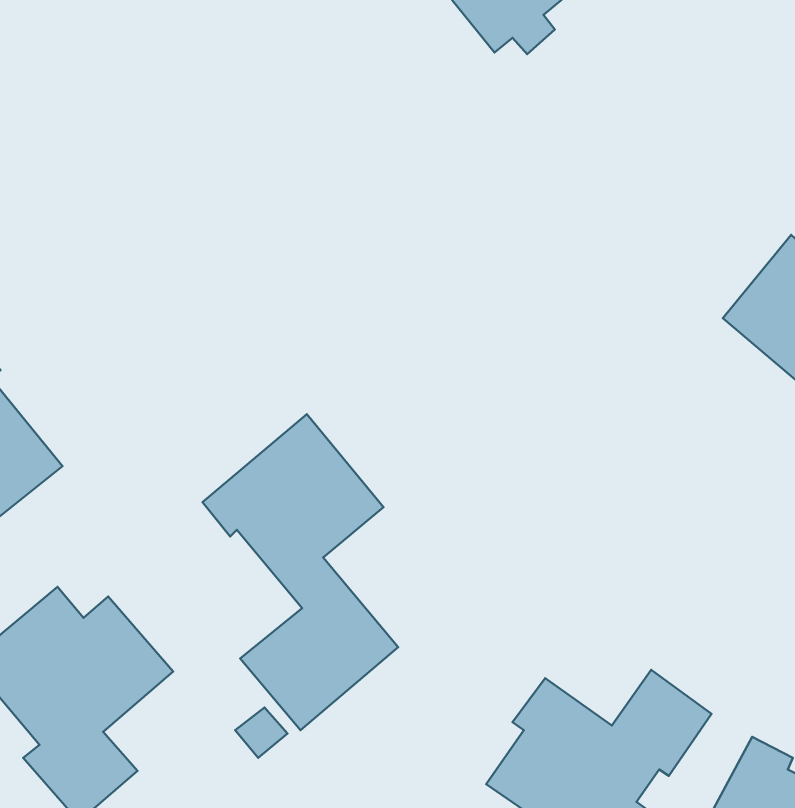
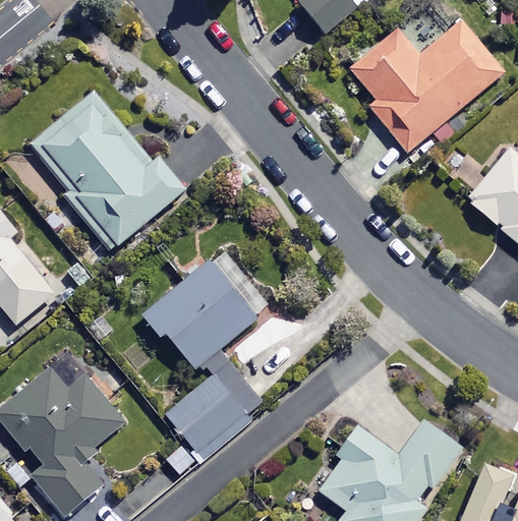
building: none -> [350,20,503,151]
building: none -> [31,92,184,248]

